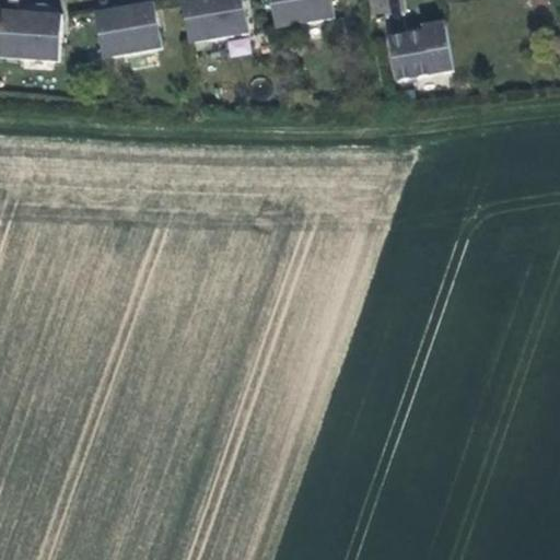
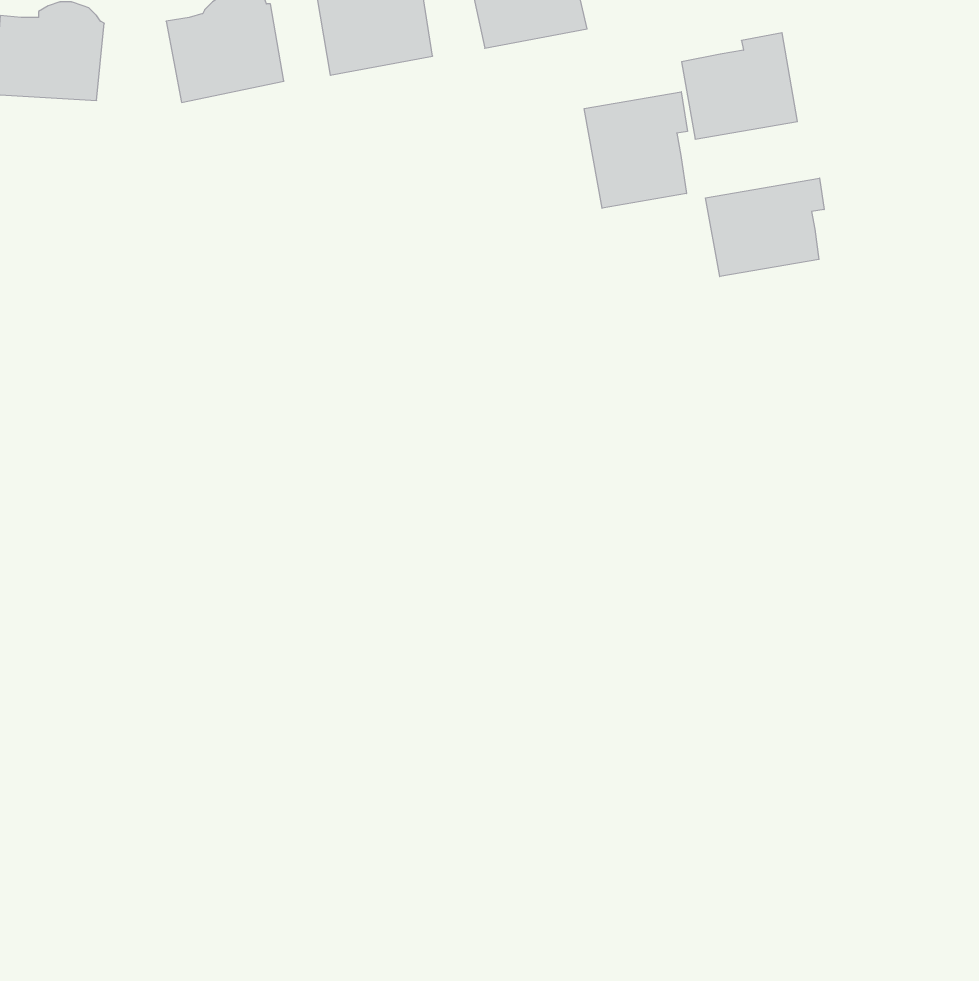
building: none -> [584,92,687,208]
building: none -> [706,178,824,277]

